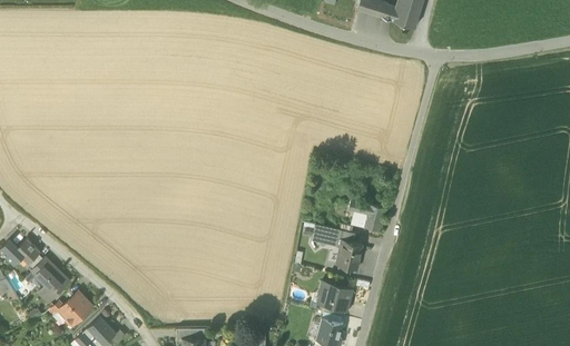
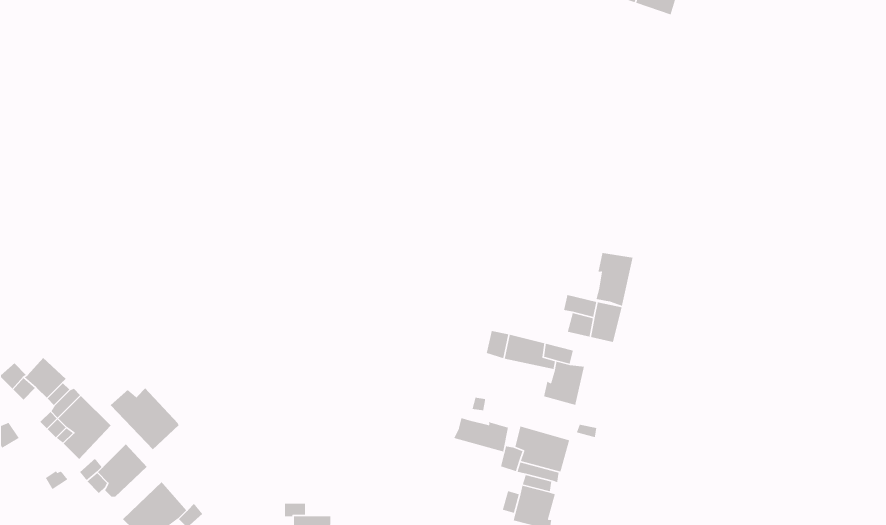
building: none -> [596,252,634,307]
building: none -> [110,388,179,450]
building: none -> [453,417,509,453]

